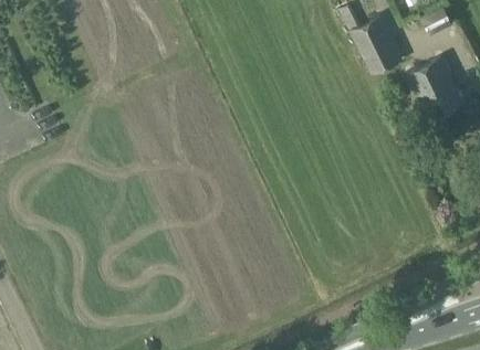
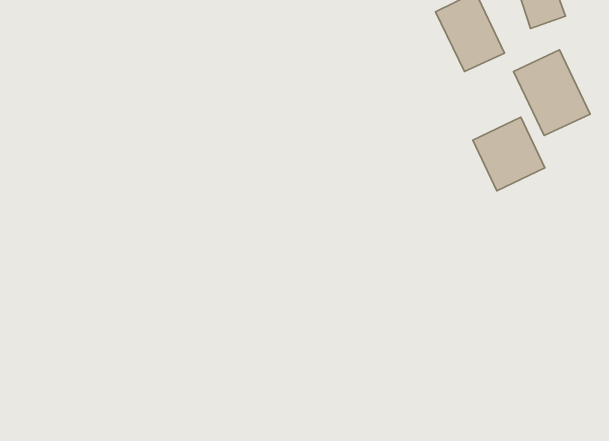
building: none -> [473,117,545,191]

